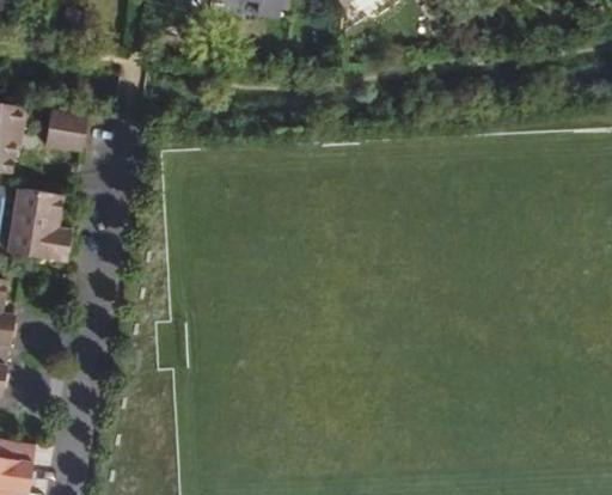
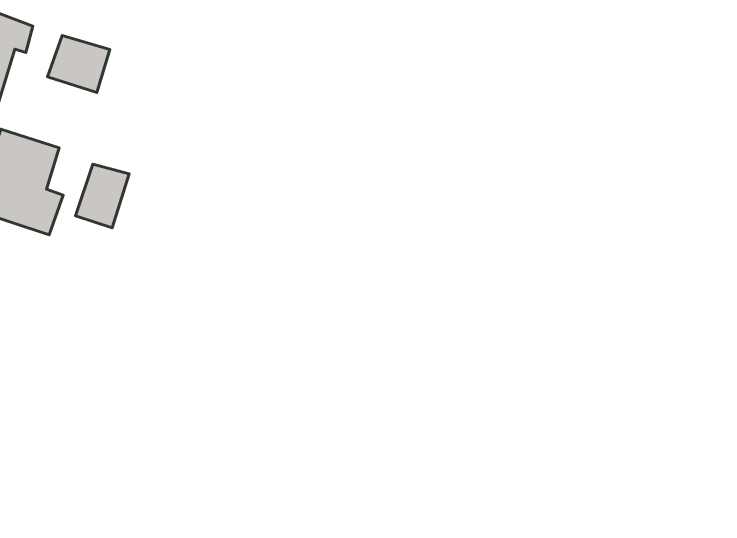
building: none -> [75,164,129,228]

